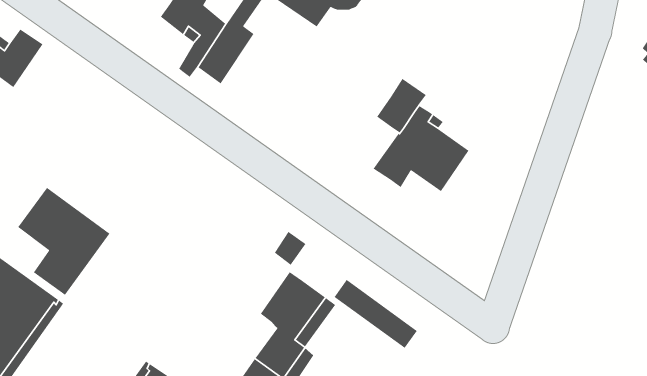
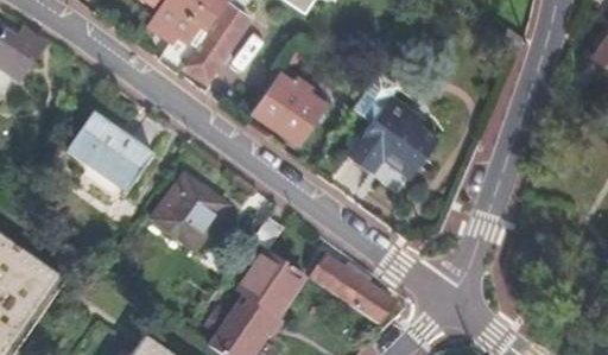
building: none -> [251,70,324,142]
building: [17,187,110,296] -> [69,110,154,210]
building: none -> [151,173,228,252]

